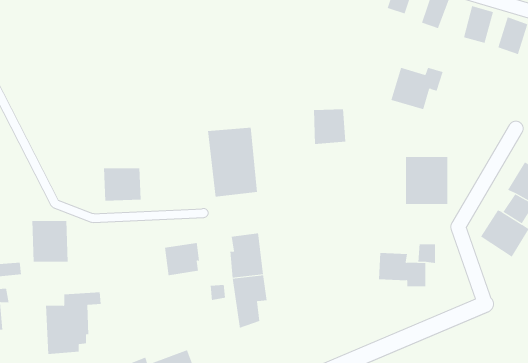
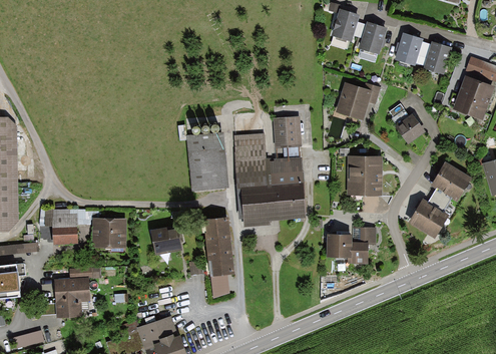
building: none -> [390,103,424,143]
building: none -> [235,135,306,225]
building: [103,168,141,201] -> [91,220,122,247]

